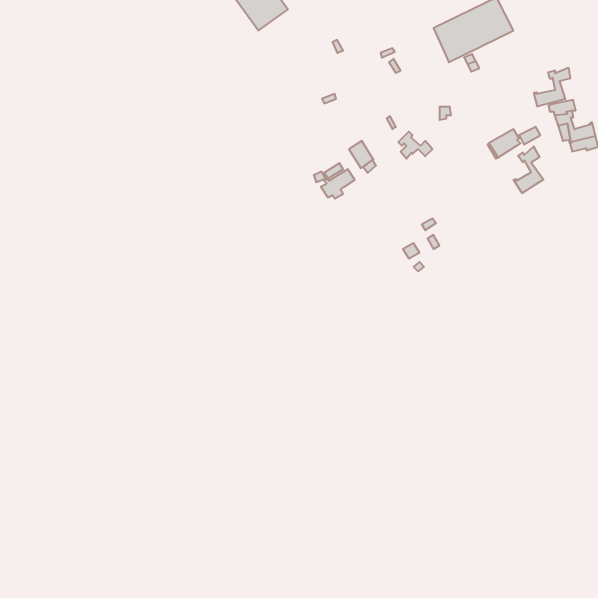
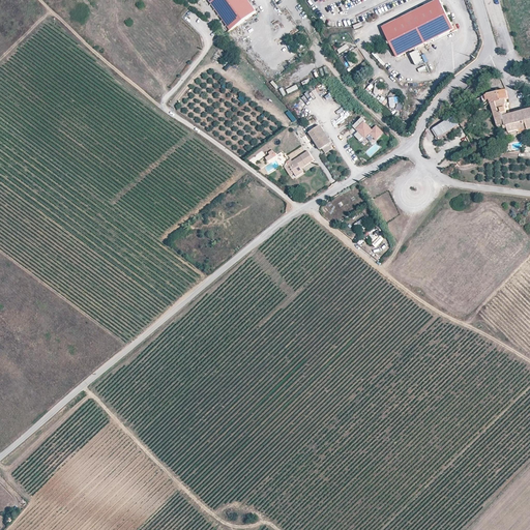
building: [534,68,570,107] -> none
building: [514,146,543,193] -> none

